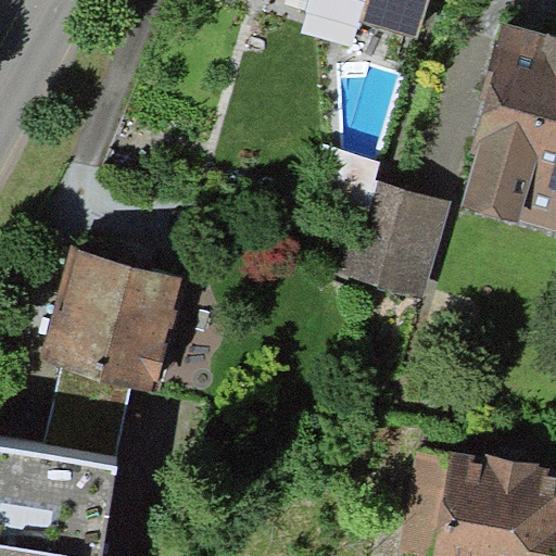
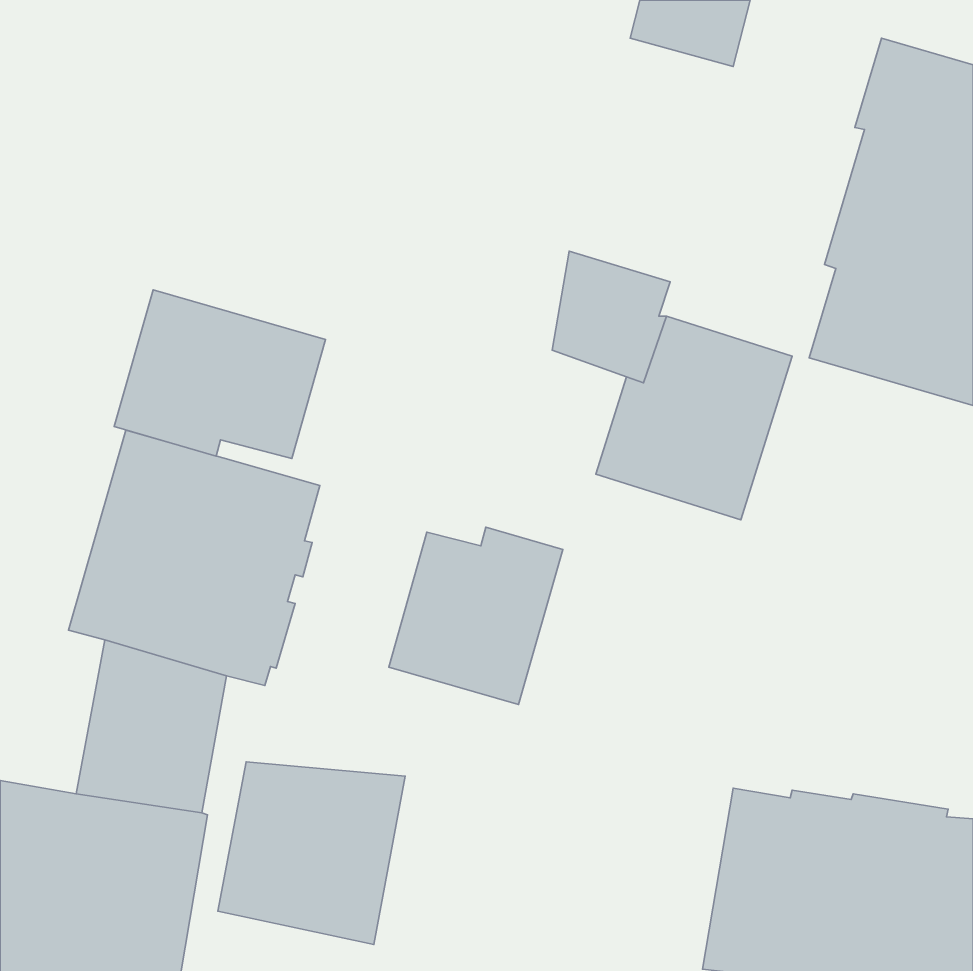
building: none -> [114,290,325,458]
building: none -> [389,527,563,704]
building: none -> [218,762,405,945]

